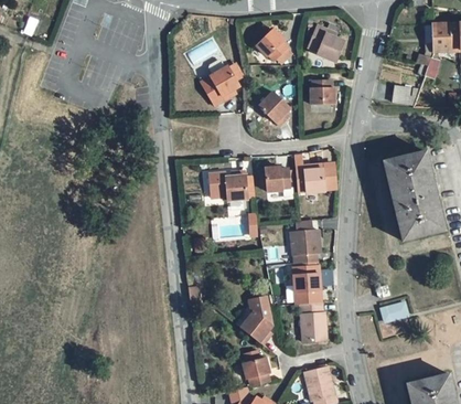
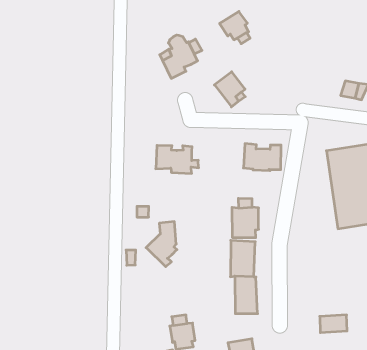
building: [309,22,344,61] -> none
building: [311,82,334,106] -> none
building: [266,166,291,191] -> none
building: [238,295,270,342] -> [146,222,177,267]
building: [378,299,408,320] -> [320,315,347,333]

